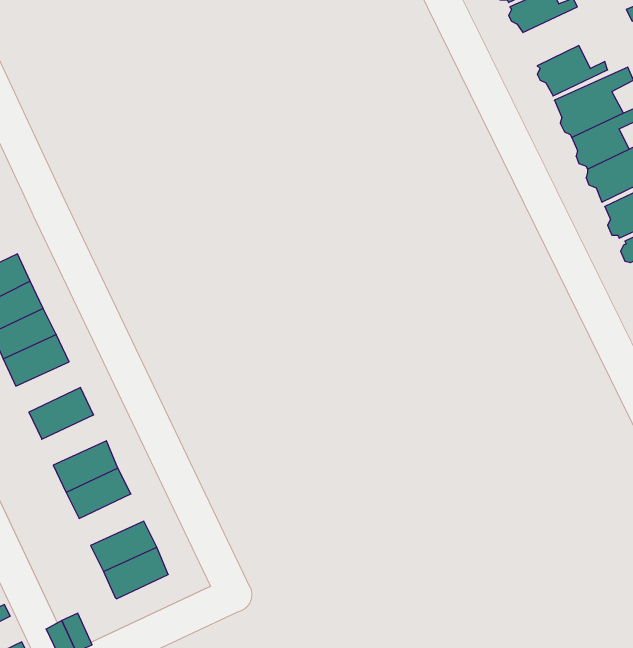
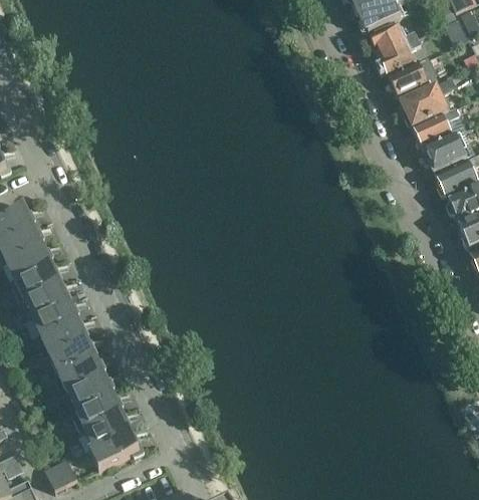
building: none -> [379,34,420,72]
building: none -> [24,282,69,317]
building: none -> [42,319,87,354]
building: none -> [68,374,113,411]
building: none -> [89,431,140,470]

